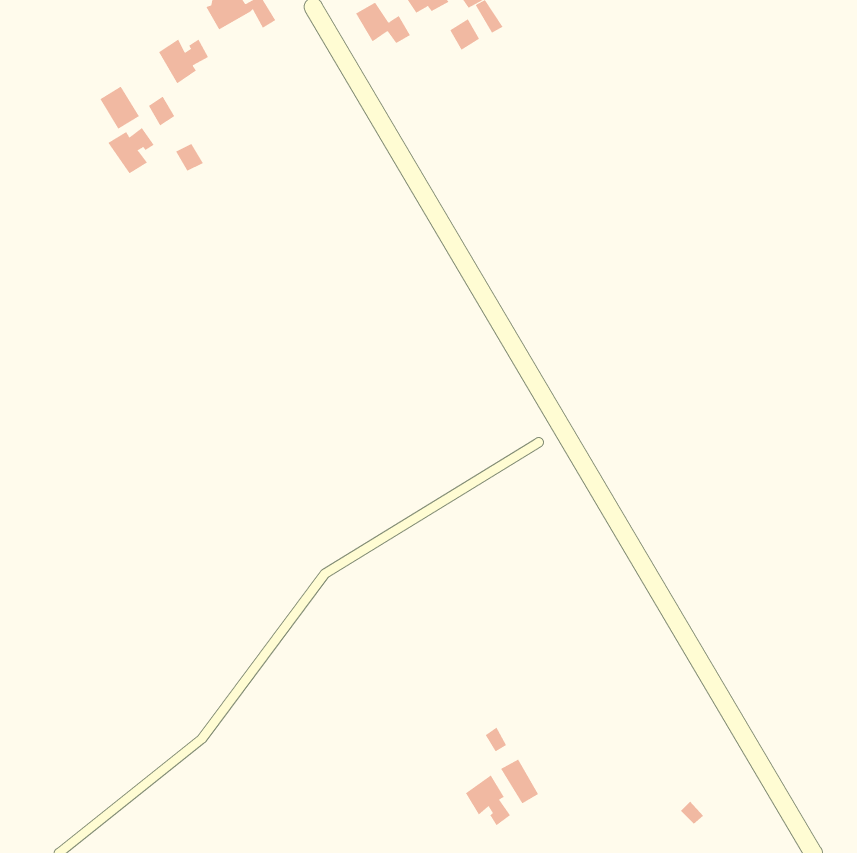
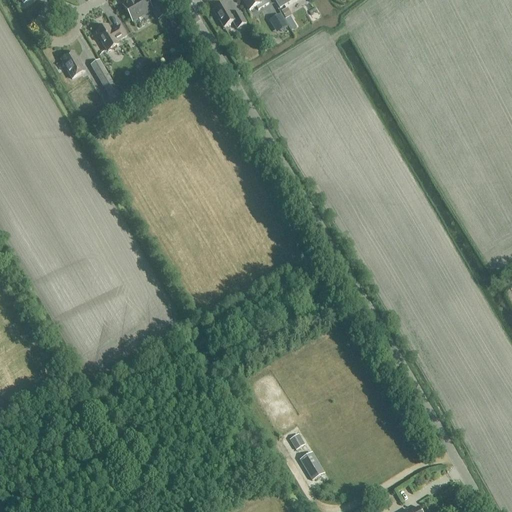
building: [108,127,155,174] -> none
building: [465,774,511,826] -> none

